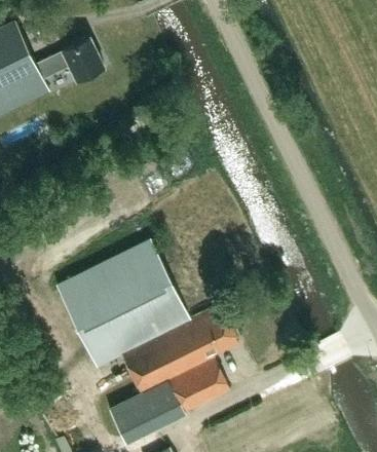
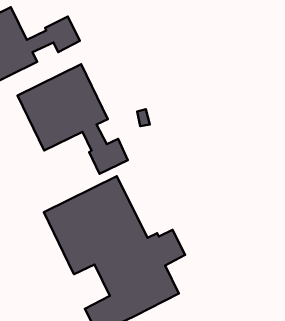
building: none -> [17,64,128,174]

